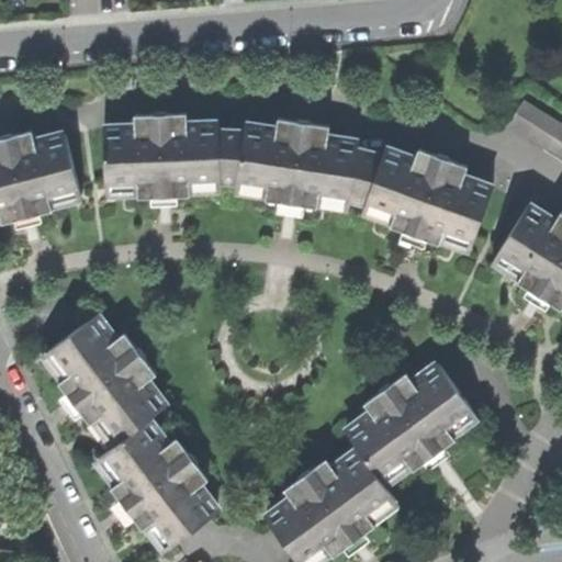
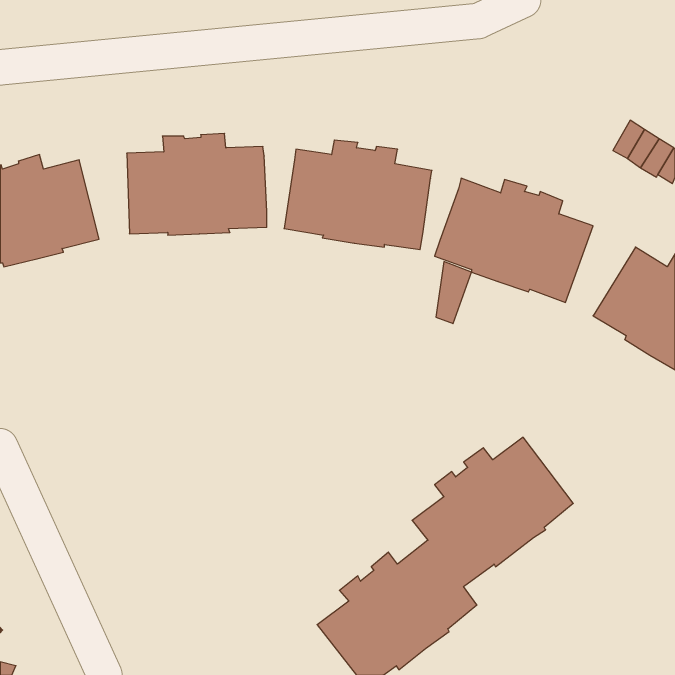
building: [220,130,245,177] -> none
building: [351,148,381,200] -> [436,262,472,324]
building: [43,314,218,554] -> none

